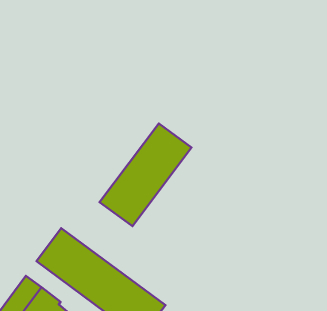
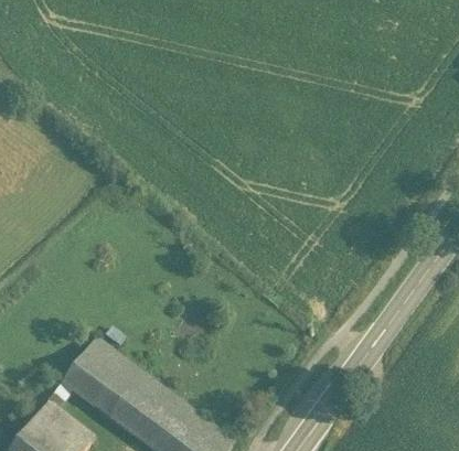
building: [100,123,191,226] -> none

